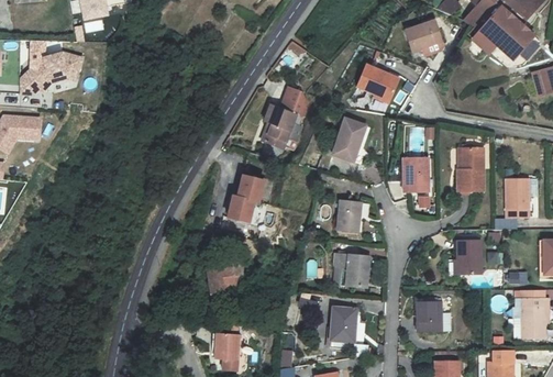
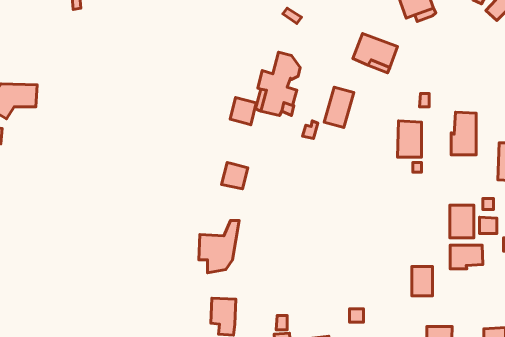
building: [21,41,81,92] -> none
building: [235,175,262,202] -> [230,97,256,125]
building: [338,206,362,236] -> none
building: [334,255,372,288] -> none
building: none -> [450,245,483,269]
building: [331,306,356,340] -> none

